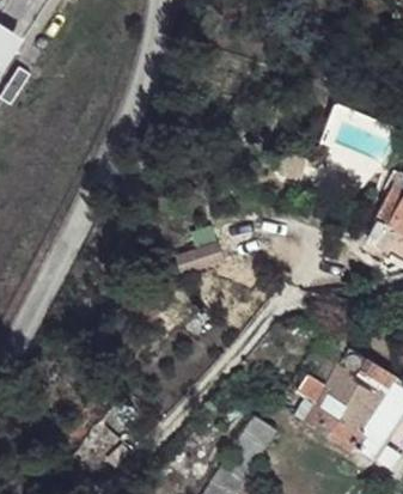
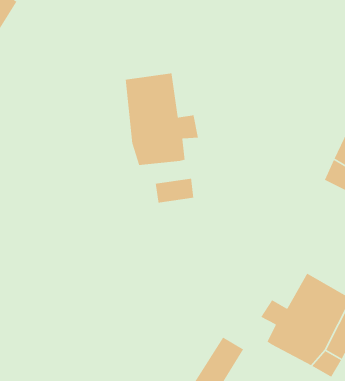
building: none -> [125,73,199,166]

